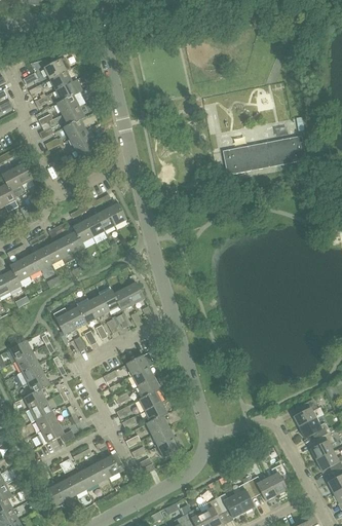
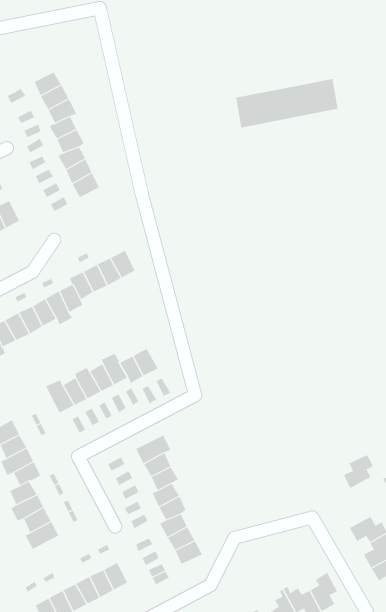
building: [222,135,305,175] -> [235,78,338,128]
building: [293,399,317,426] -> [343,454,374,489]

